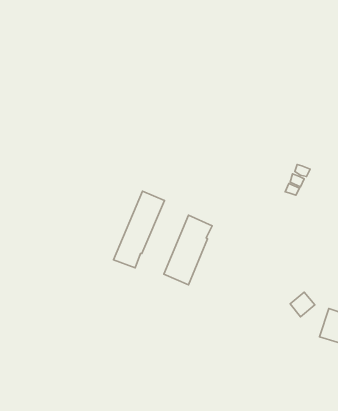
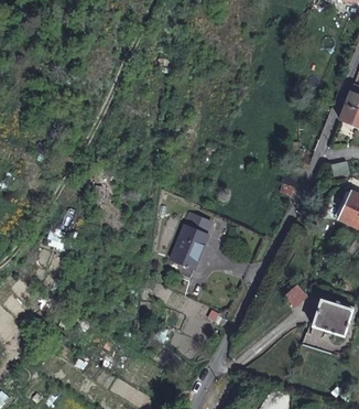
building: [114,191,165,268] -> none

